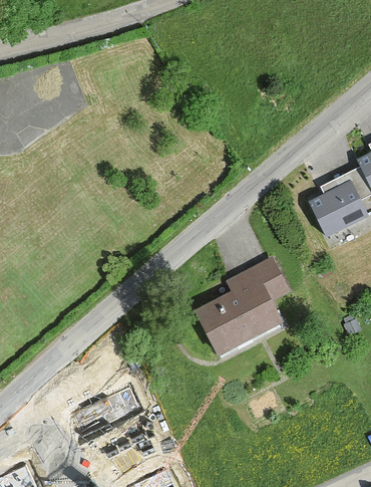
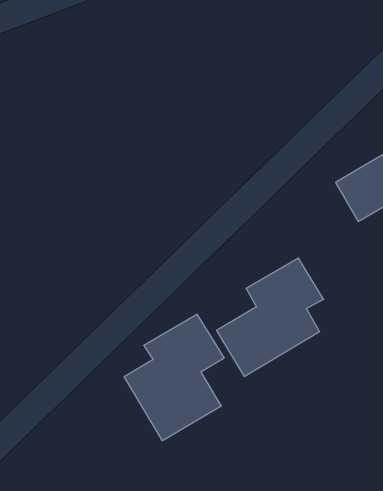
building: none -> [124,314,224,441]

